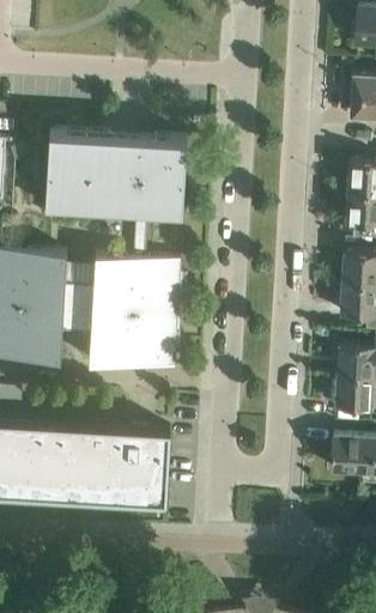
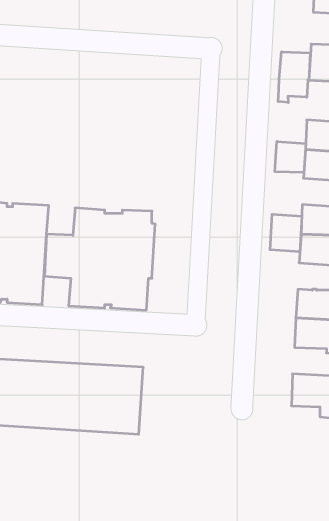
building: none -> [278,52,310,103]
building: [46,133,187,263] -> none
building: none -> [275,141,306,173]
building: none -> [270,214,302,252]

